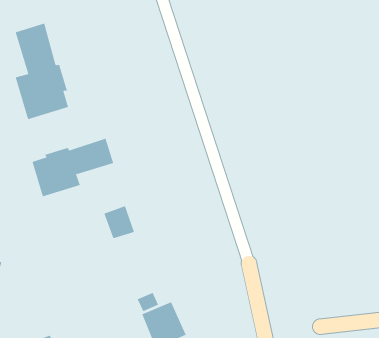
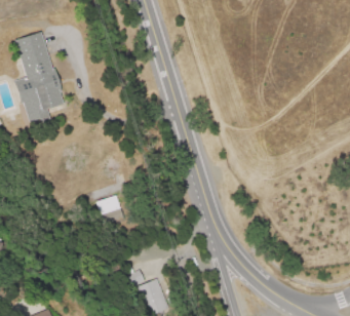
building: [32,138,114,197] -> none

